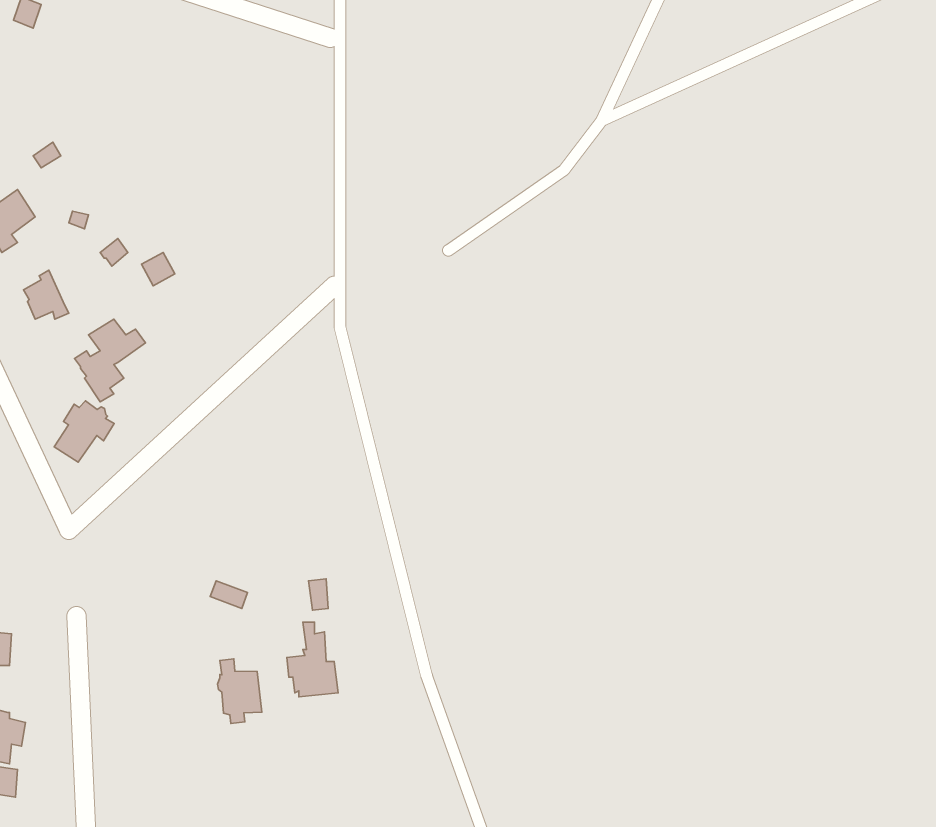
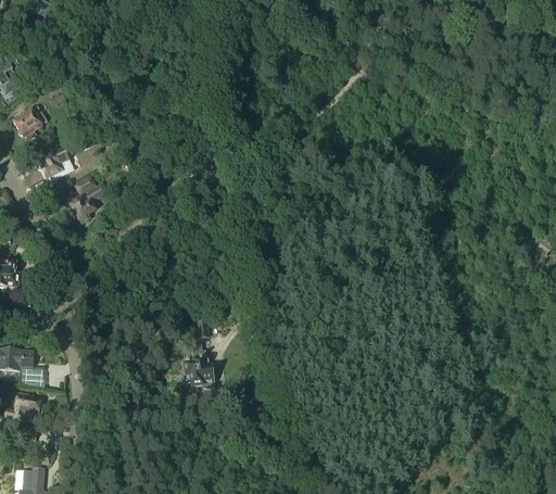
building: [54,401,114,462] -> none
building: [218,659,262,724] -> none

